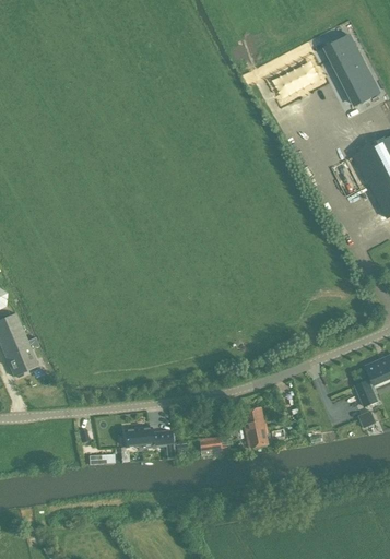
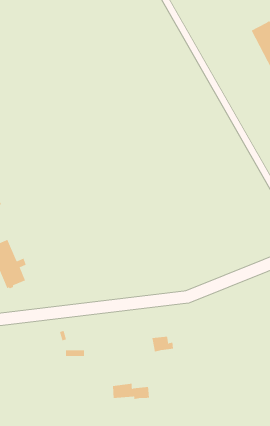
building: [244,406,267,445] -> none
building: [126,426,174,447] -> [112,383,150,399]

